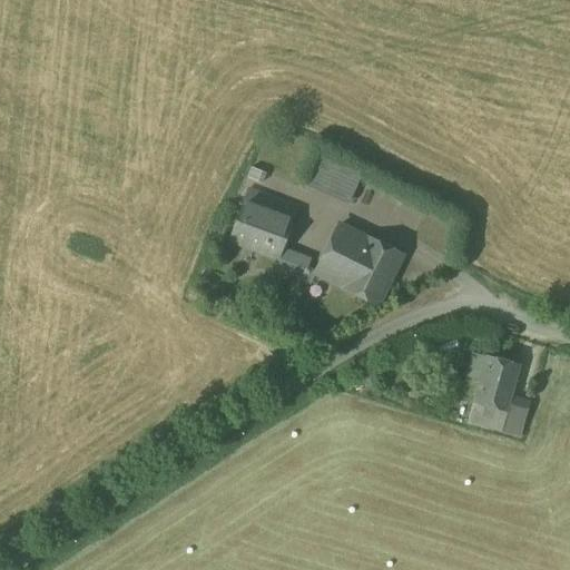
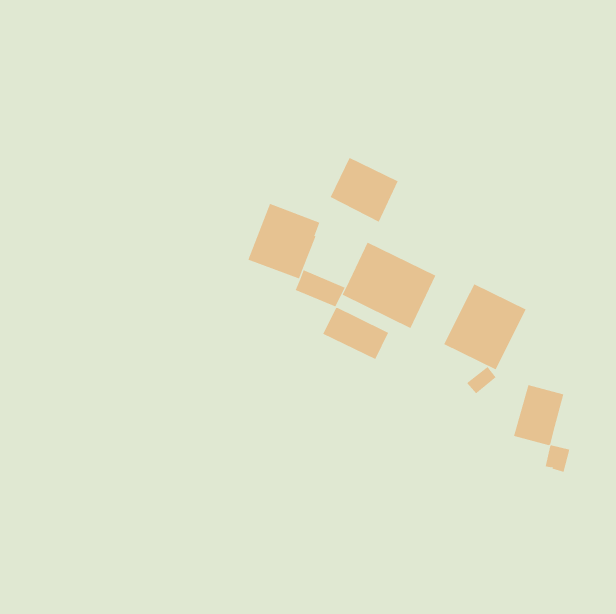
building: none -> [444,283,526,370]
building: none -> [322,307,389,360]
building: [469,402,508,430] -> none

